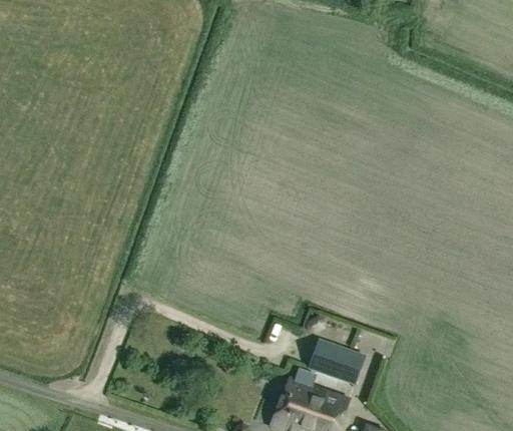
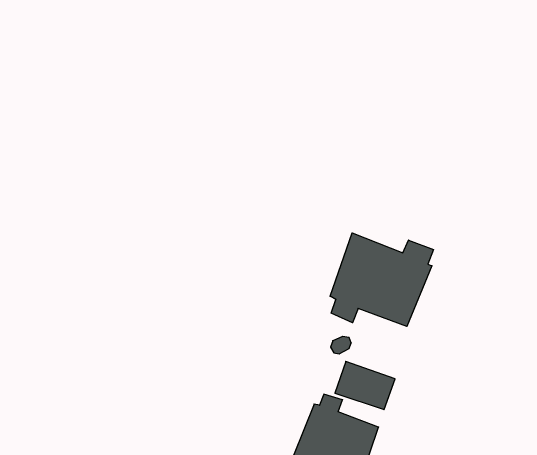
building: none -> [330,233,434,326]

